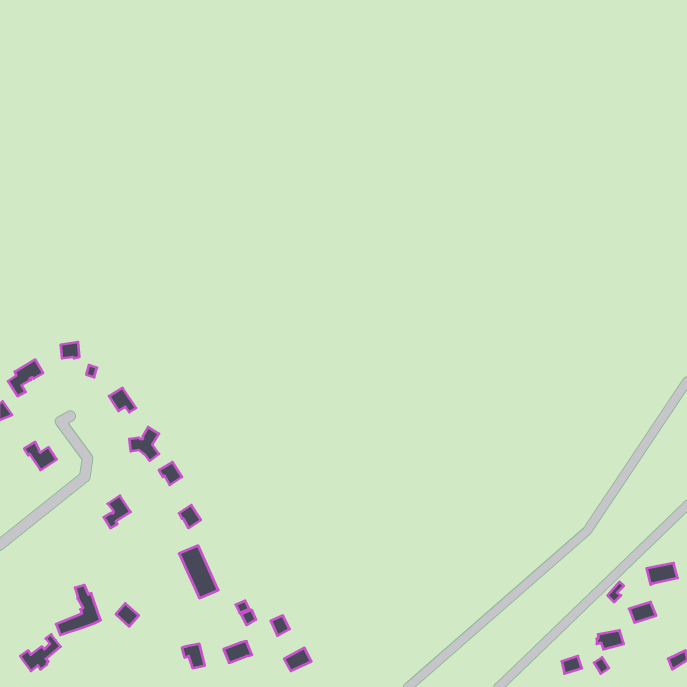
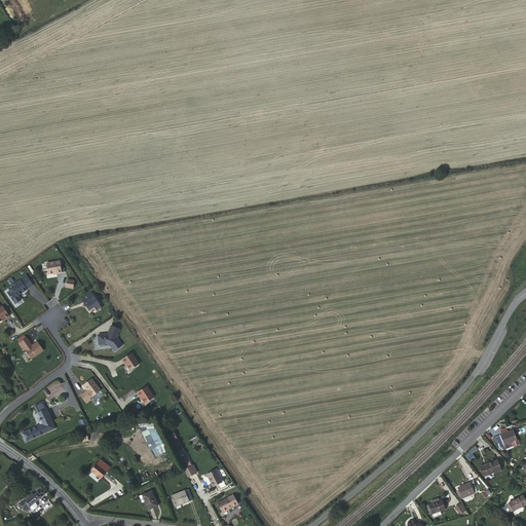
building: [56,585,101,635] -> [21,402,54,440]

